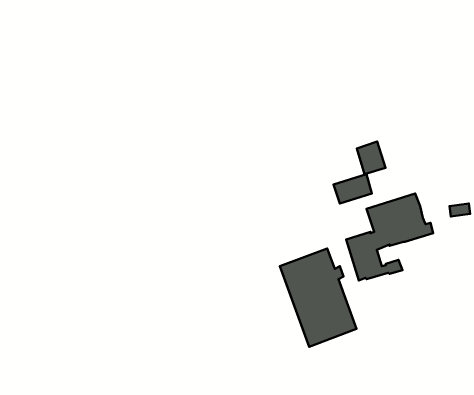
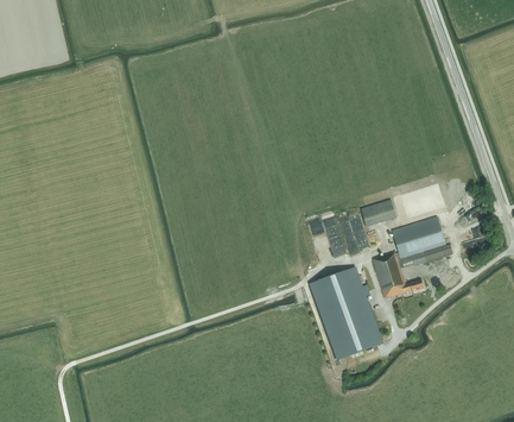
building: [357,141,386,174] -> none

